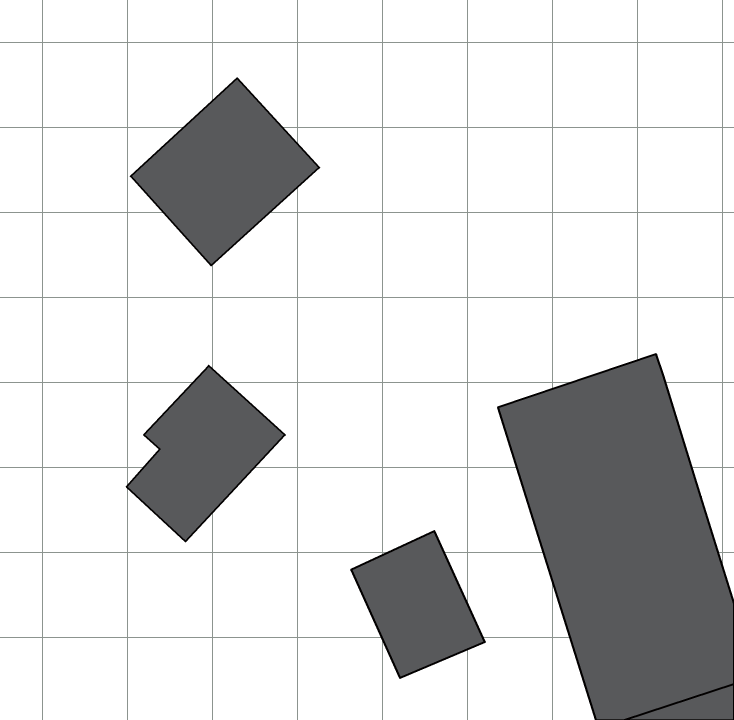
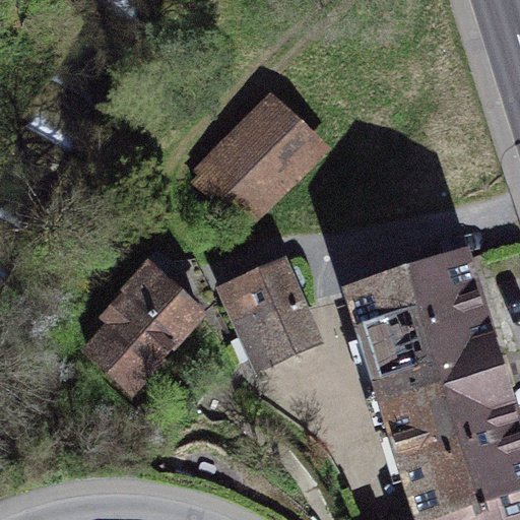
building: [131,78,319,265] -> [194,101,327,233]
building: [351,531,485,678] -> [223,256,318,360]

